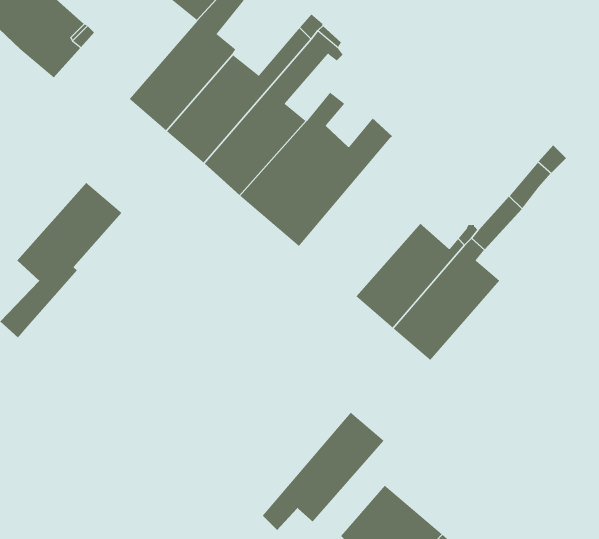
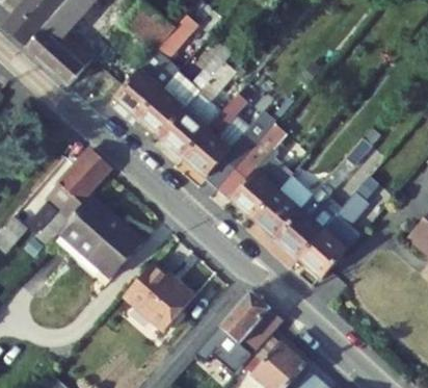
building: none -> [218,123,292,219]
building: none -> [298,177,377,279]
building: none -> [53,197,142,278]
building: none -> [124,263,194,331]

